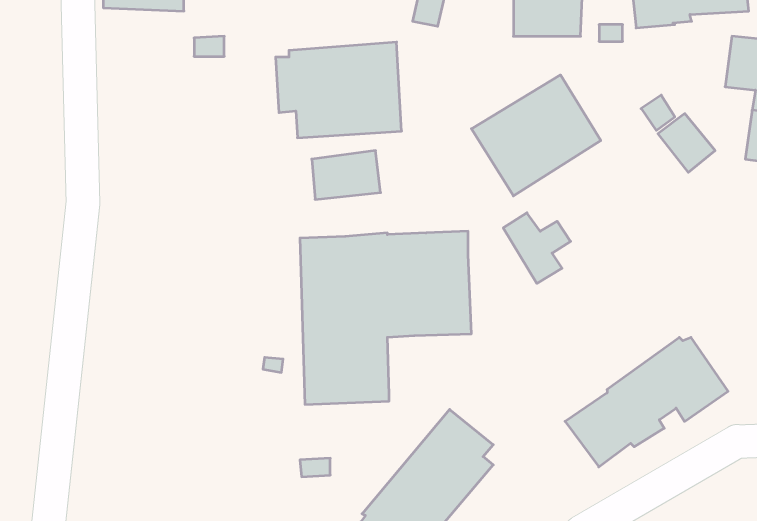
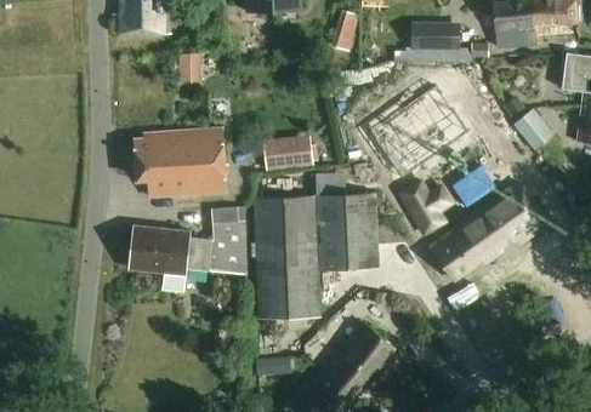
building: [276,42,402,138] -> [135,127,226,196]
building: none -> [130,206,246,274]
building: [565,337,728,467] -> [431,184,549,277]

